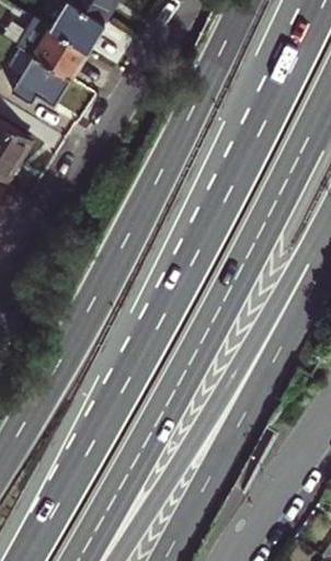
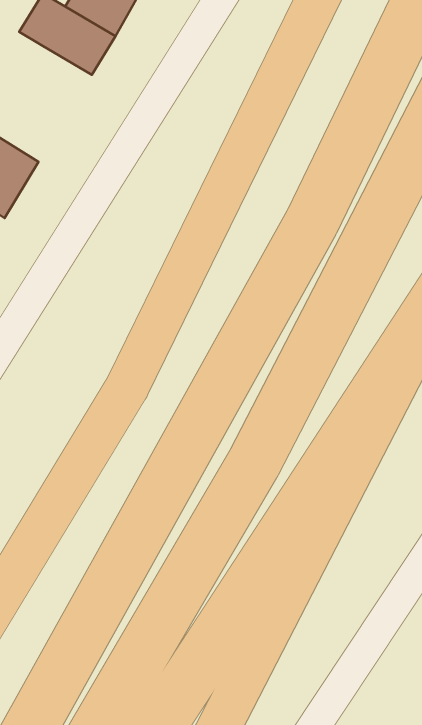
building: [12,53,71,102] -> none

